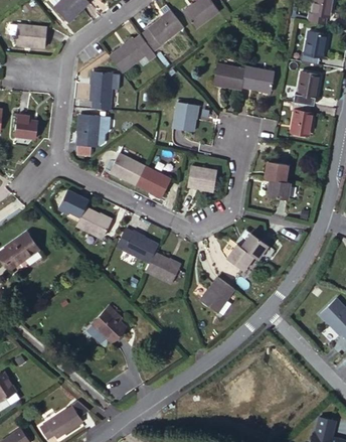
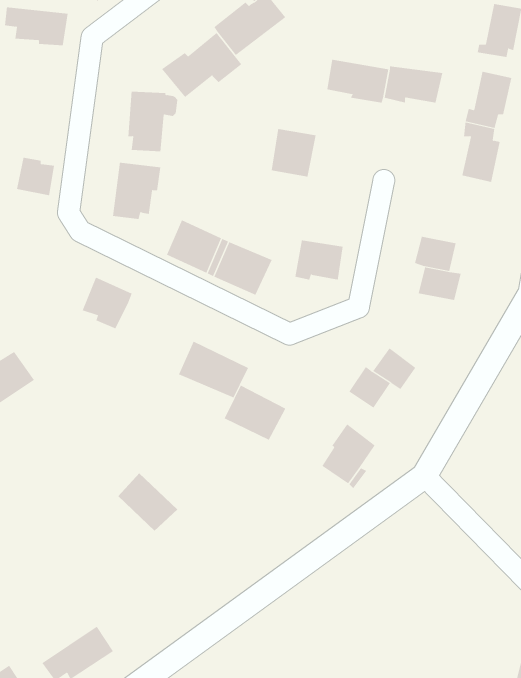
building: [78,205,113,238] -> none

